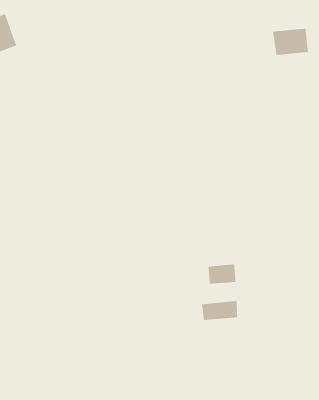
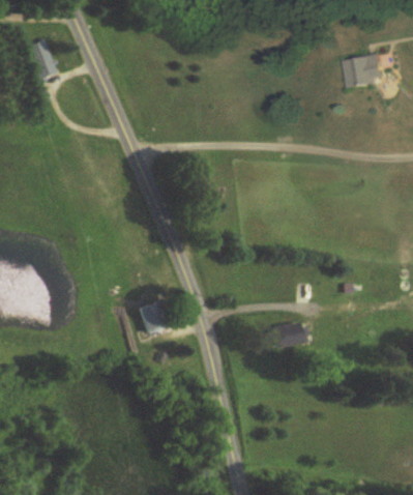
building: none -> [137,298,170,332]
building: [201,300,238,321] -> none

